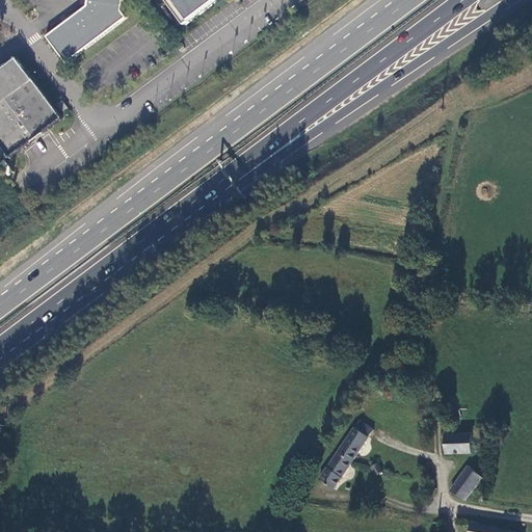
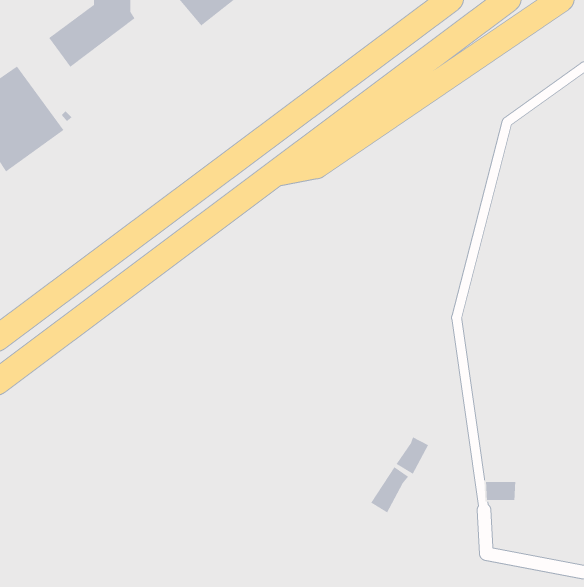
building: none -> [396,436,429,475]
building: [318,454,350,487] -> none
building: [445,467,475,500] -> none

